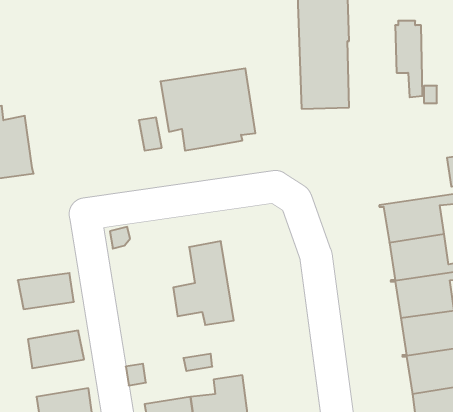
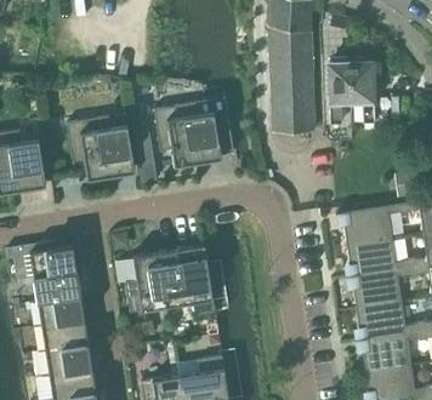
building: none -> [329,59,352,125]
building: none -> [66,118,135,181]
building: none -> [29,246,76,278]
building: none -> [125,250,182,314]
building: none -> [38,296,84,327]
building: none -> [45,344,92,376]

